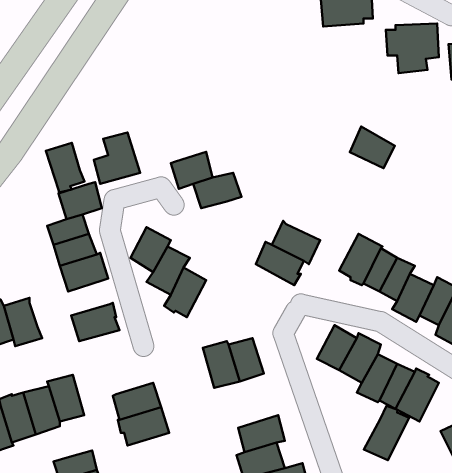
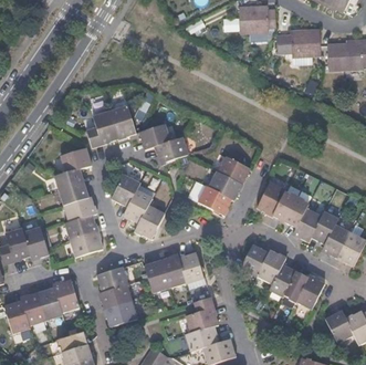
building: [350,126,395,168] -> [218,156,249,185]
building: [46,143,85,193] -> [108,105,135,139]
building: none -> [65,212,96,237]
building: none -> [143,259,168,292]
building: none -> [95,267,126,291]
building: [364,406,409,460] -> none

